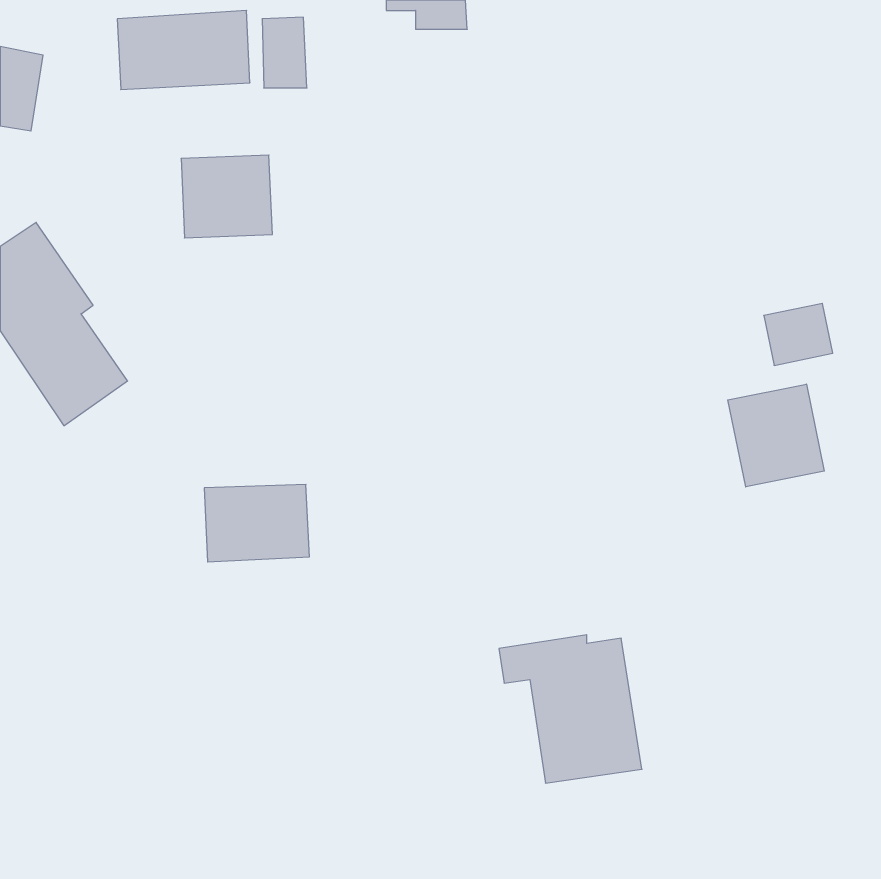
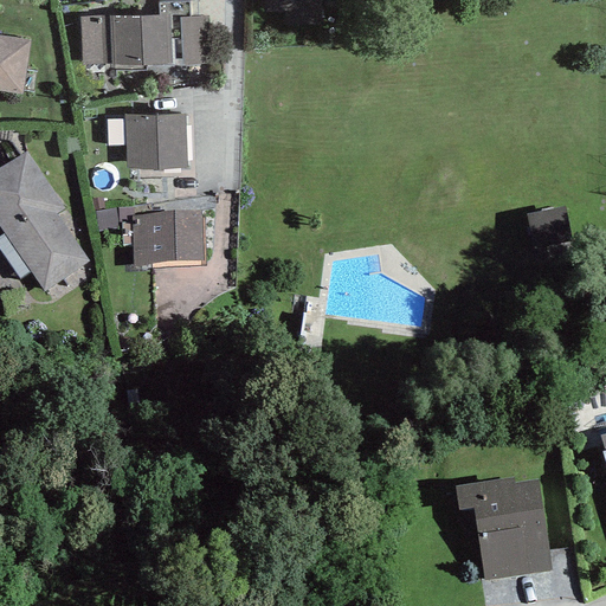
building: [728,384,824,487] -> none
building: [204,484,309,562] -> [131,215,204,269]
building: [499,635,642,783] -> [453,481,552,582]

